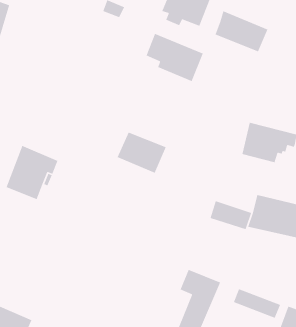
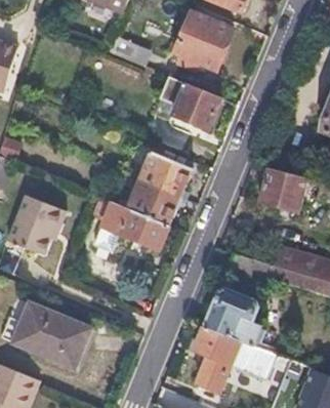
building: [214,10,269,52] -> none
building: none -> [140,152,192,197]
building: none -> [91,197,169,250]
building: none -> [204,289,260,344]
building: none -> [11,302,89,365]

